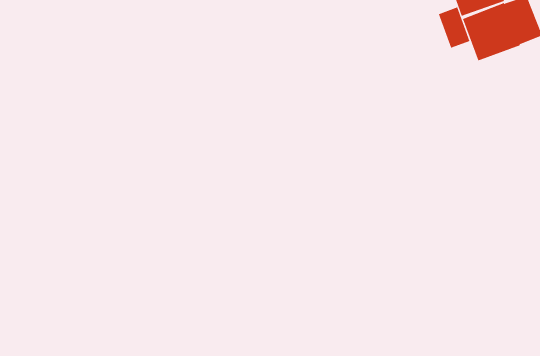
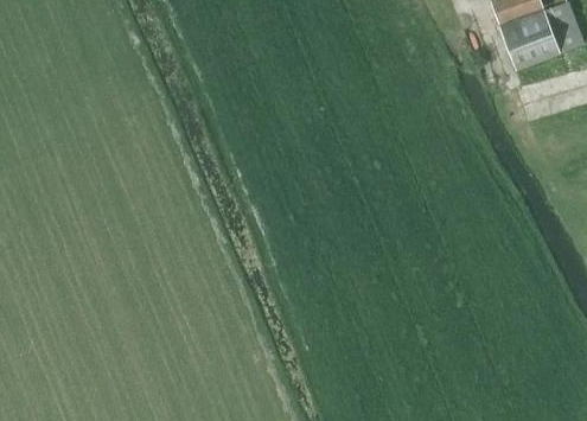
building: [438,7,470,49] -> none

